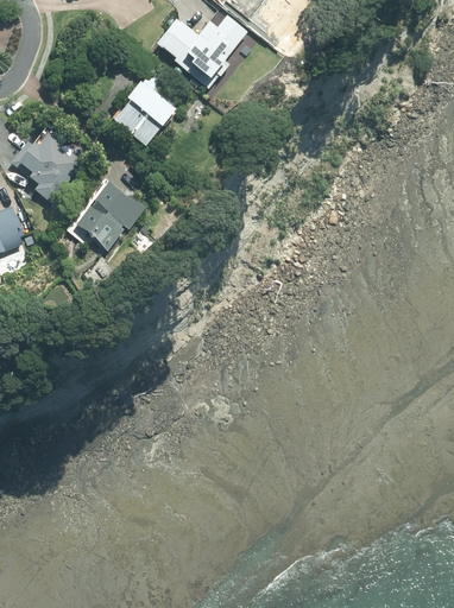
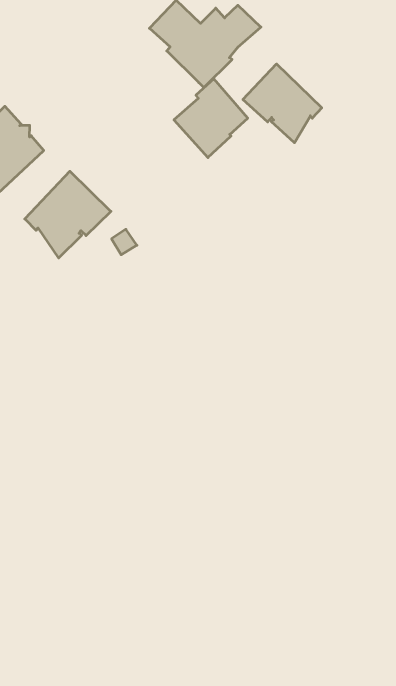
building: none -> [243,64,322,143]
building: [112,78,172,144] -> [174,79,248,158]

